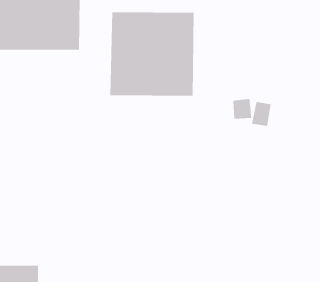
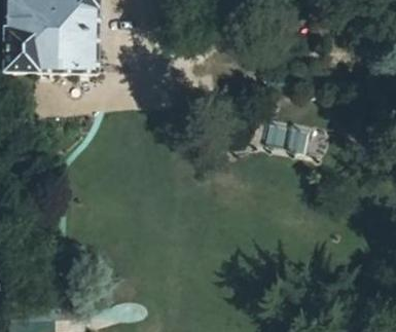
building: [110,11,194,97] -> none

